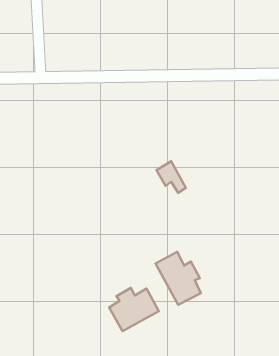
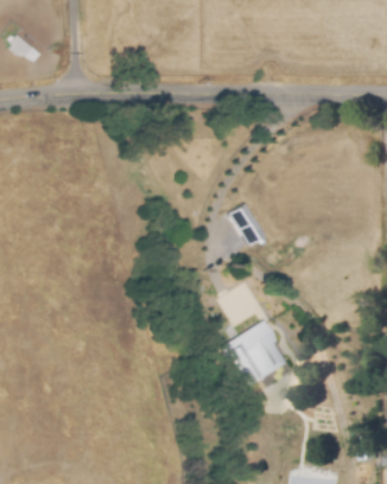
building: [109,288,159,331] -> none

